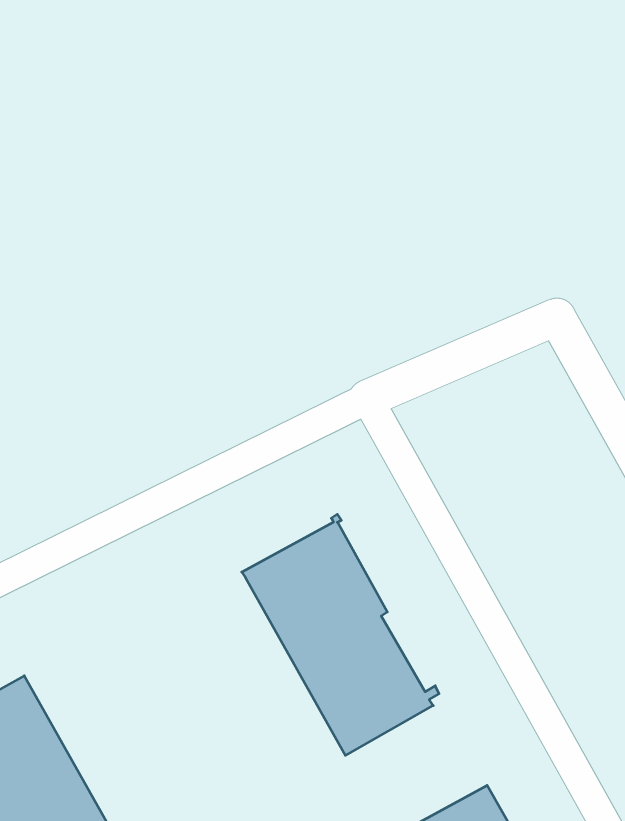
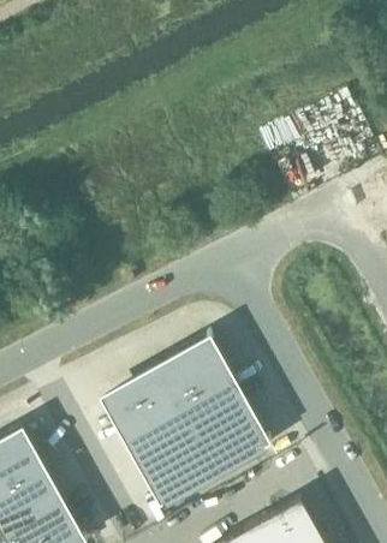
building: none -> [105,374,215,508]

